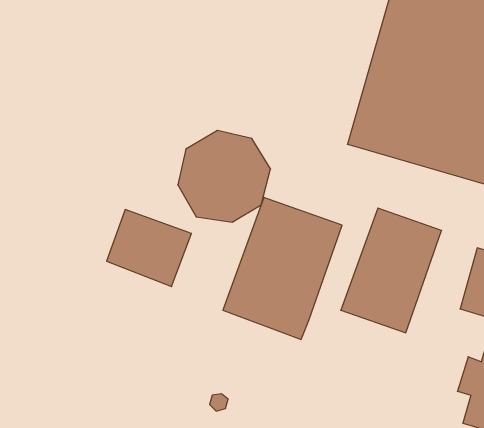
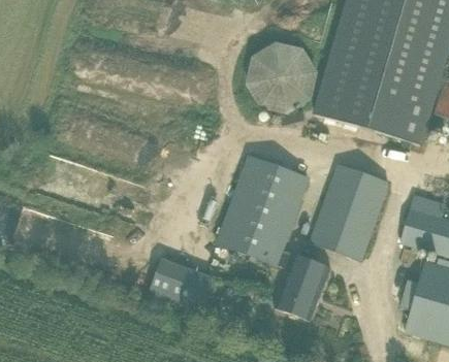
building: [178,130,271,222] -> [246,42,318,113]
building: [107,210,191,287] -> [147,257,213,317]
building: none -> [274,251,329,322]

